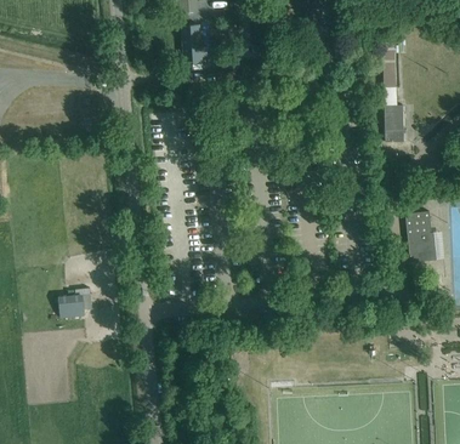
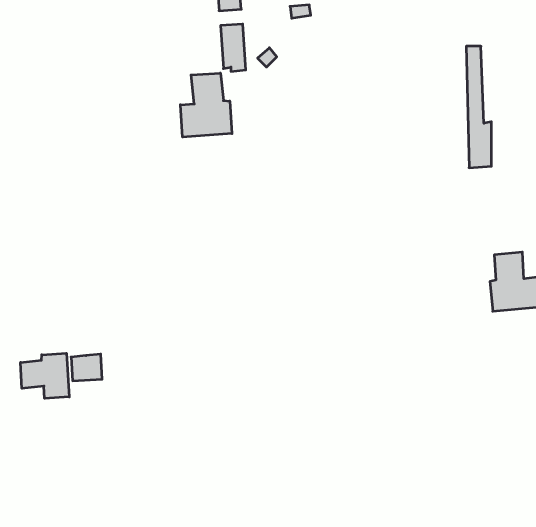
building: none -> [180,73,232,137]
building: none -> [21,353,69,398]

